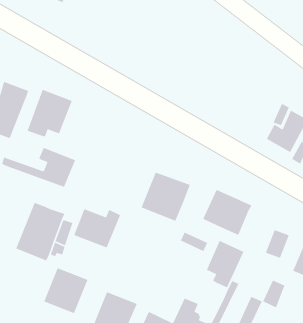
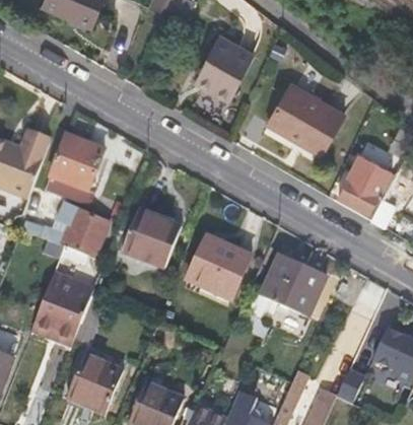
building: none -> [191,39,253,103]
building: none -> [269,84,342,153]
building: [73,208,121,249] -> [123,218,182,268]
building: [206,240,245,288] -> none

